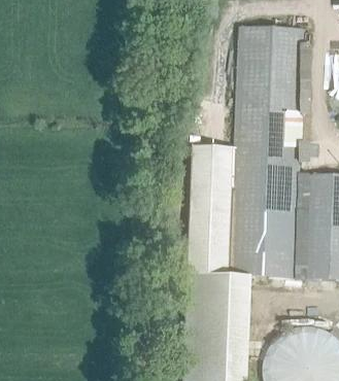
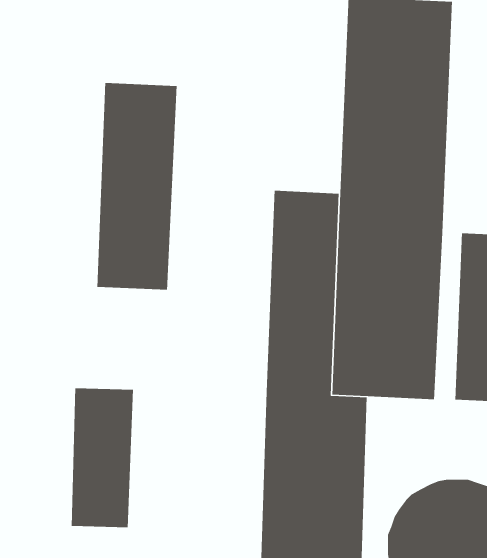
building: none -> [96,82,178,290]
building: none -> [71,387,134,528]

